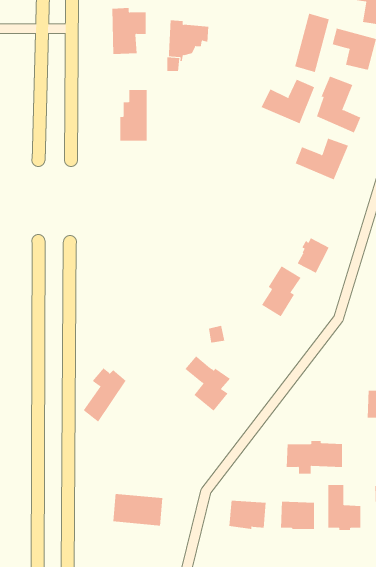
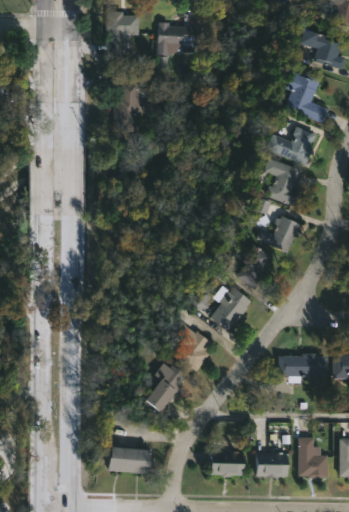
building: [294,13,330,73] -> none
building: [261,79,315,124] -> none
building: none -> [266,159,305,209]
building: none -> [209,288,249,331]
building: [83,367,127,422] -> [145,364,184,413]
building: [286,440,343,474] -> [277,352,328,382]

